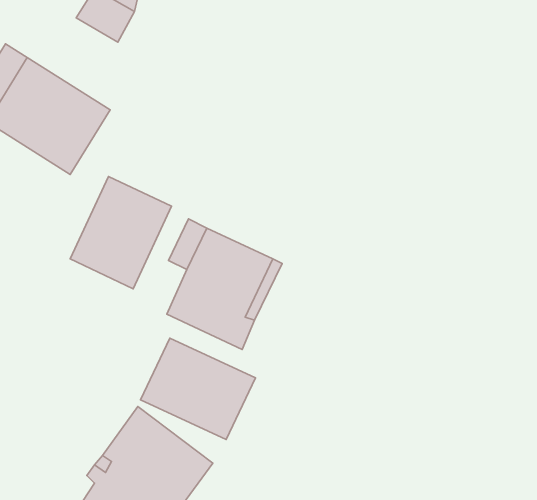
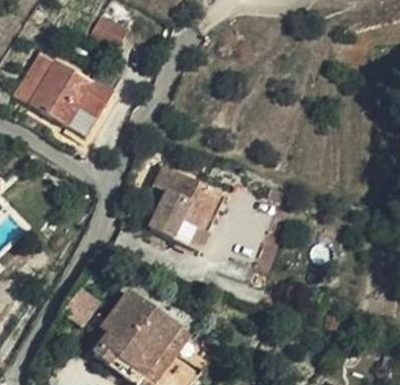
building: [70,176,172,289] -> none
building: [141,338,255,440] -> none

